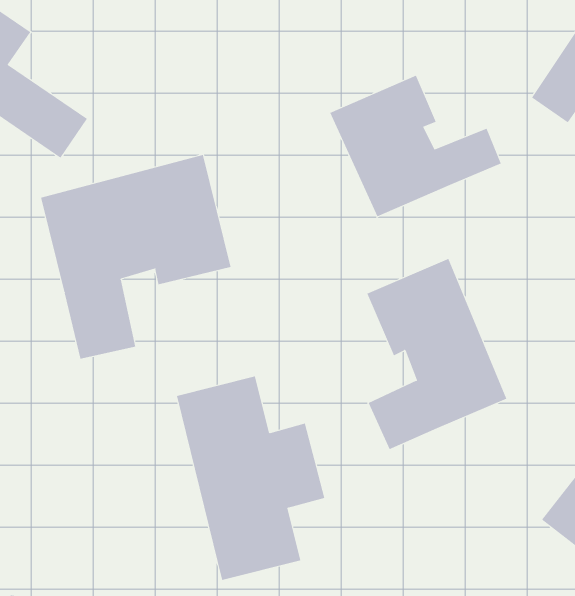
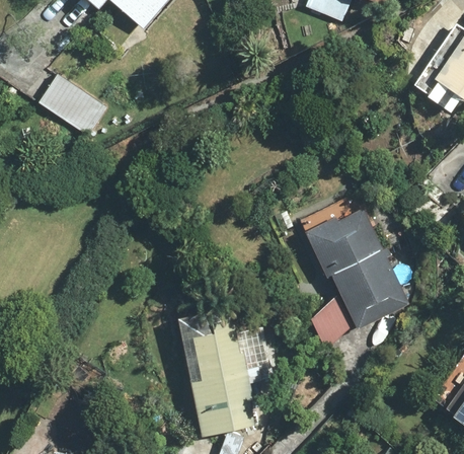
building: [329,75,501,217] -> none
building: [41,154,231,359] -> none

